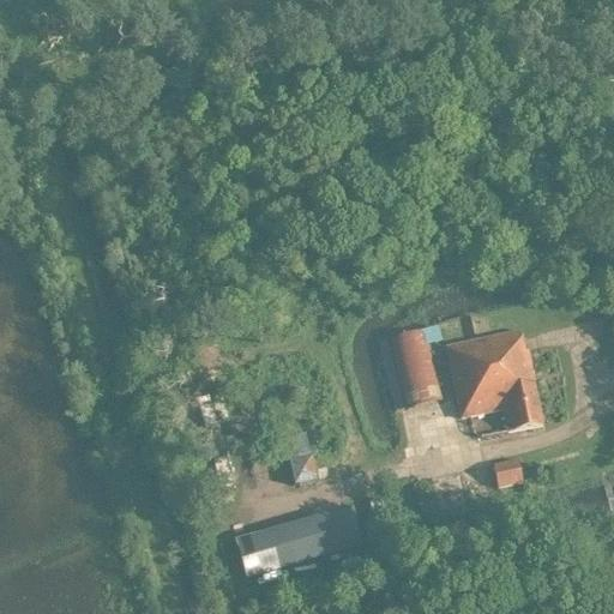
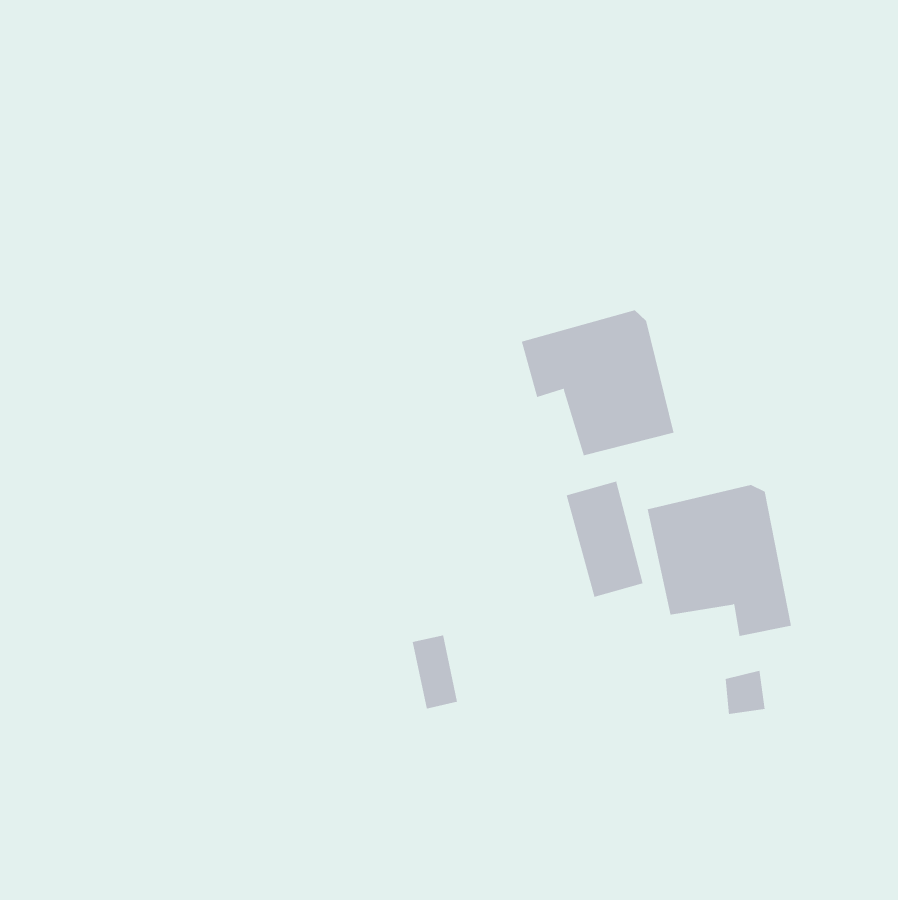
building: none -> [521,310,674,456]
building: [235,505,360,576] -> none

